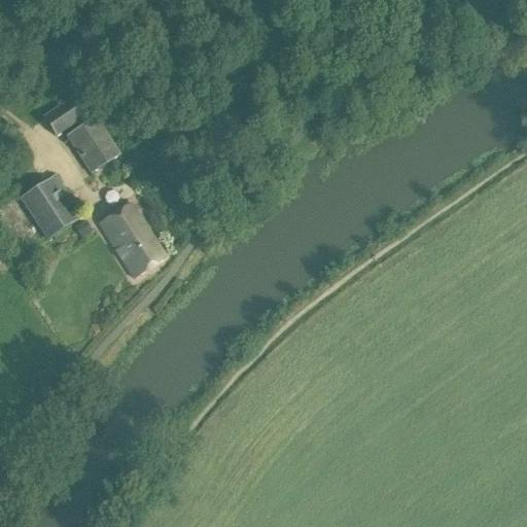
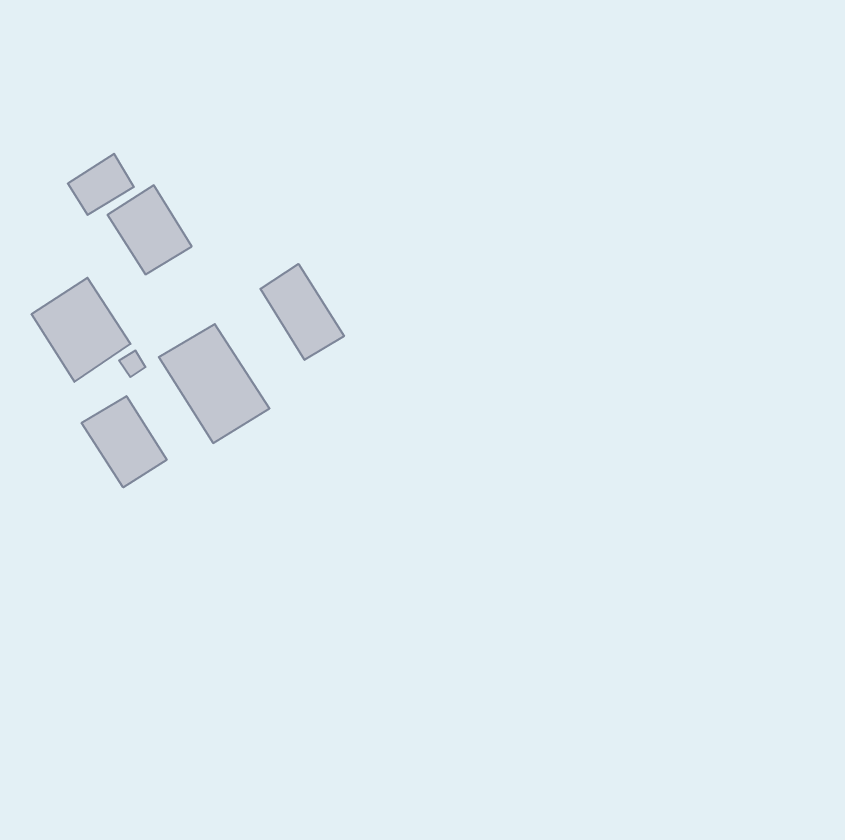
building: none -> [260,264,344,360]
building: none -> [82,396,167,487]

